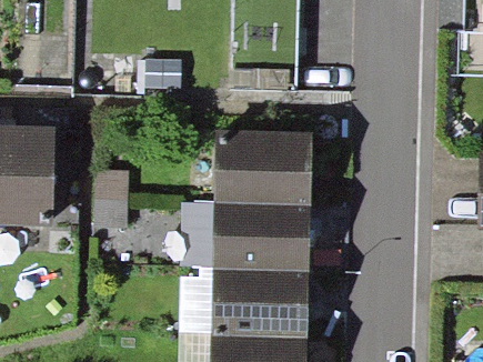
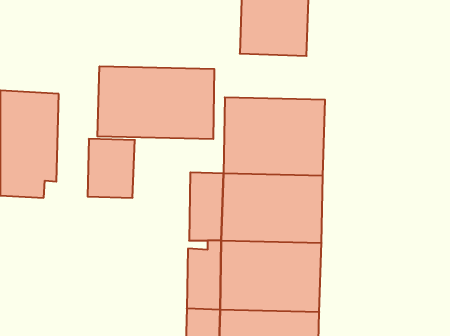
building: none -> [97,66,214,139]

